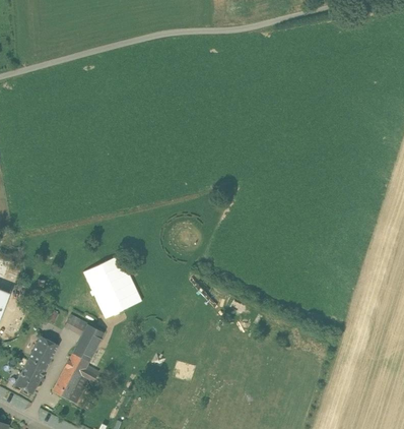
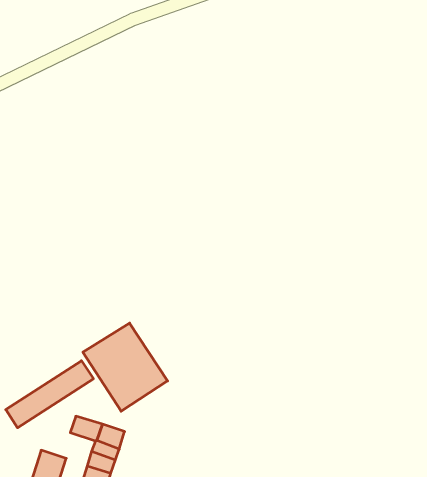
building: none -> [6,361,93,428]

